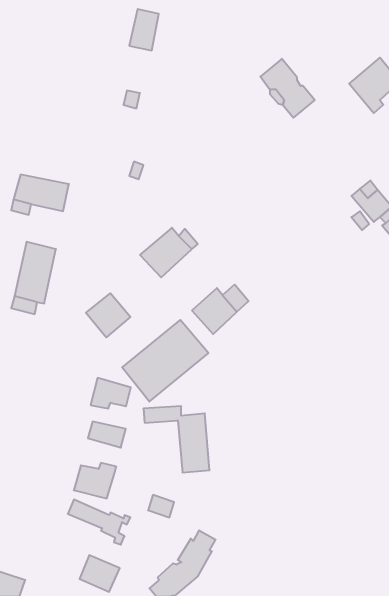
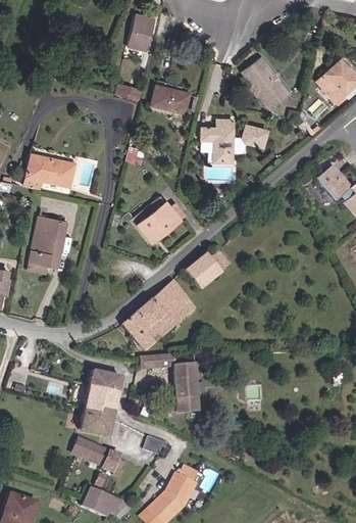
building: none -> [151,84,188,110]
building: none -> [201,121,265,163]
building: [86,293,130,337] -> none
building: [91,378,131,409] -> [85,384,119,411]

